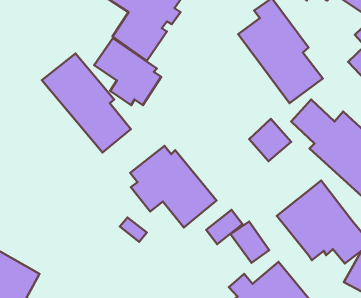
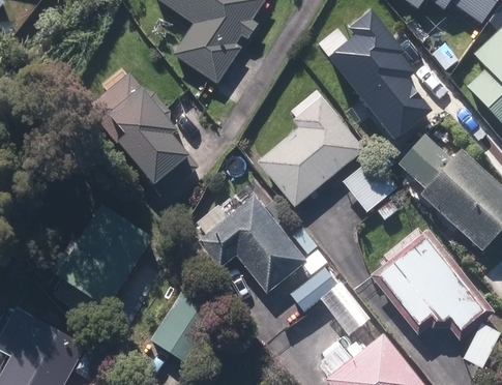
building: [94,38,161,105] -> none
building: none -> [256,93,364,206]
building: none -> [50,207,152,309]
building: none -> [150,295,219,366]

